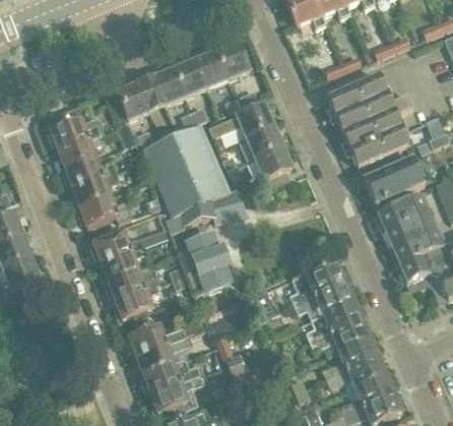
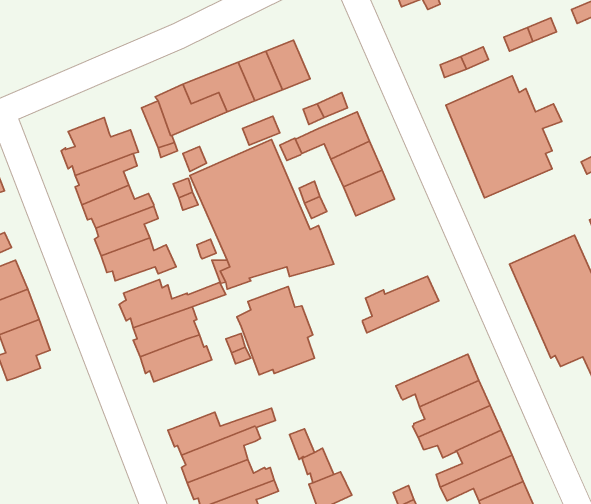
building: [218,42,251,78] -> none
building: [364,157,425,205] -> none
building: [290,262,346,304] -> [363,276,439,333]
building: [116,285,161,321] -> none

